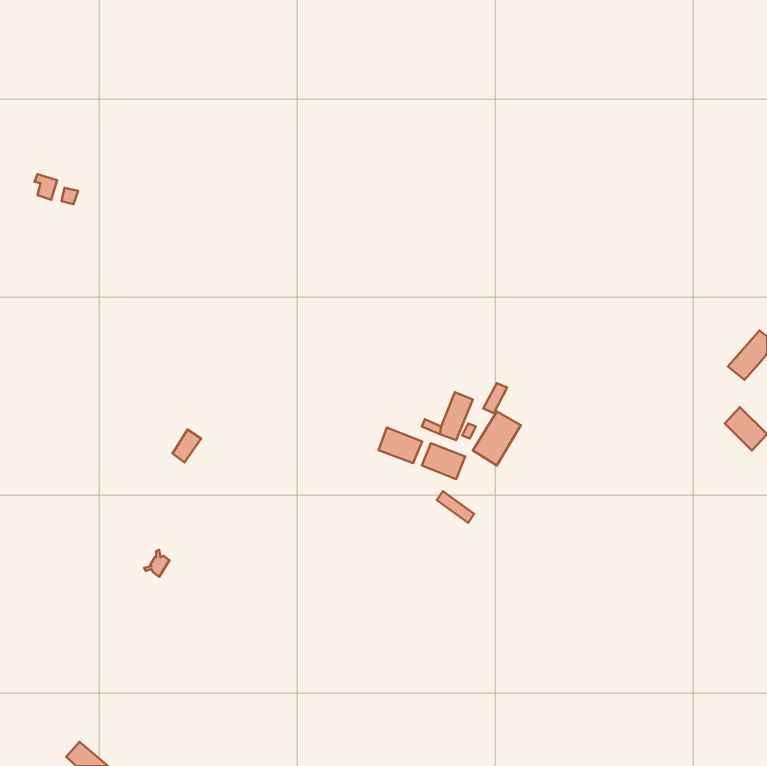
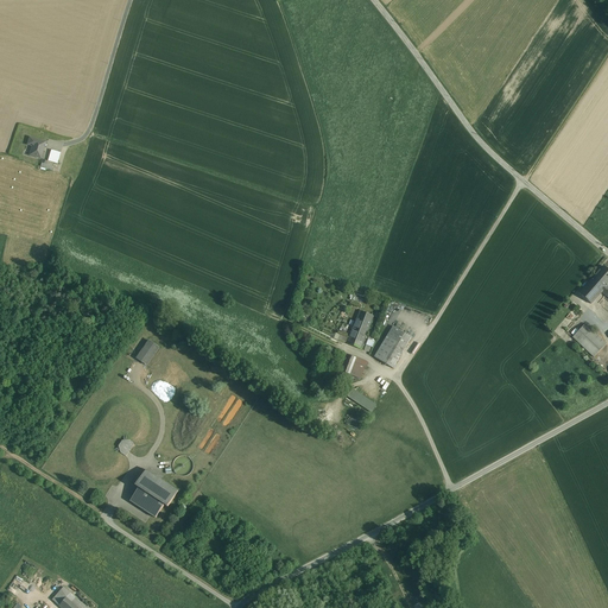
building: [379,427,422,463] -> none
building: none -> [131,469,178,518]

